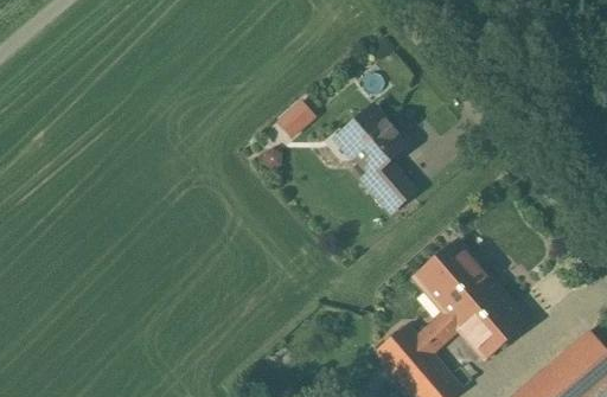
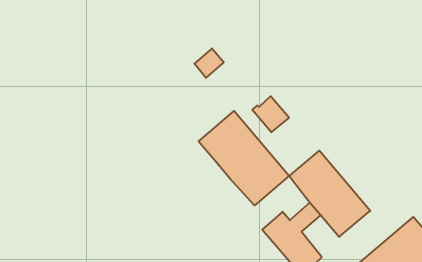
building: [343,105,409,175] -> none
building: none -> [199,111,289,205]

